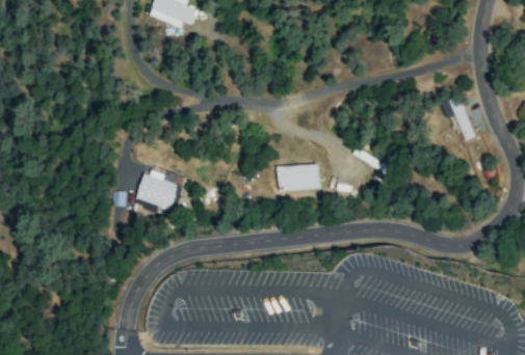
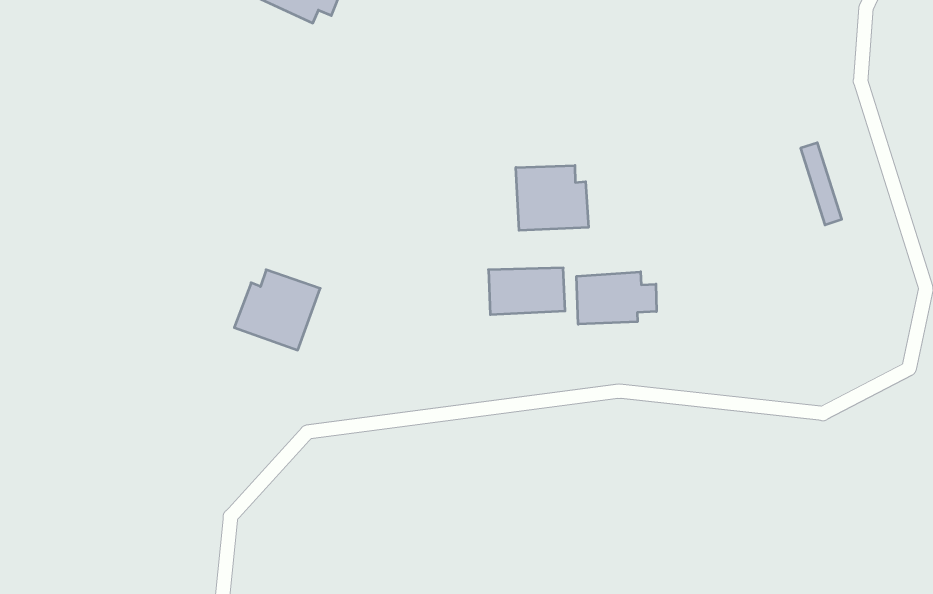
building: none -> [516,165,588,230]
building: none -> [577,272,656,324]

